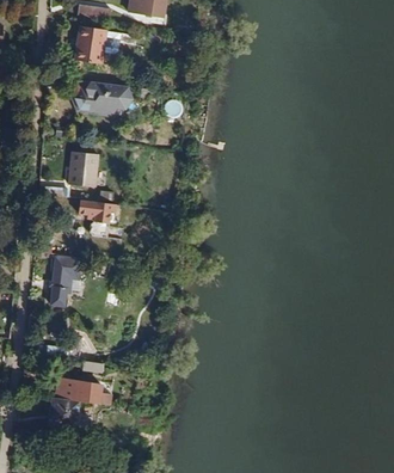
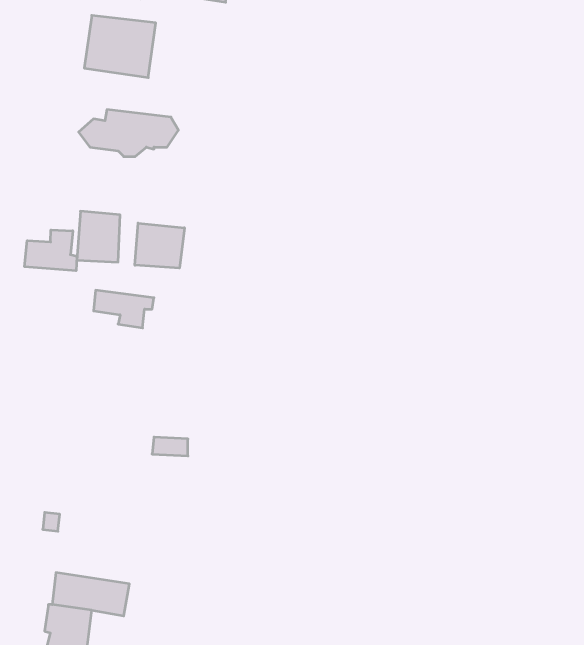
building: none -> [135,223,184,268]
building: none -> [25,230,77,271]
building: [49,257,80,307] -> none

